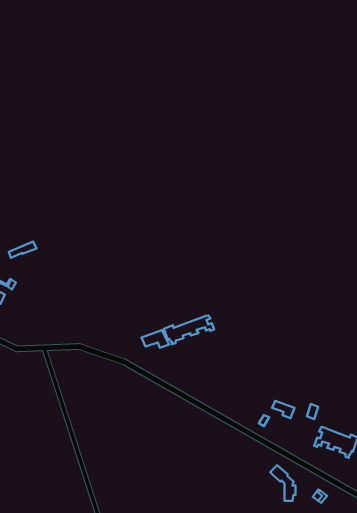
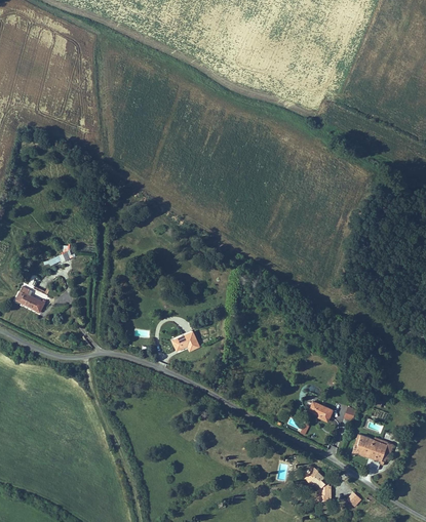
building: [164,315,214,344] -> none

